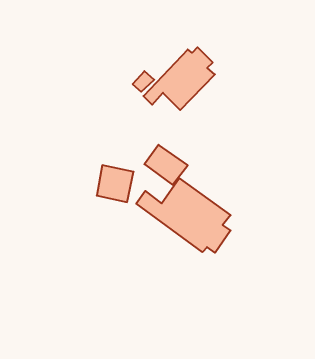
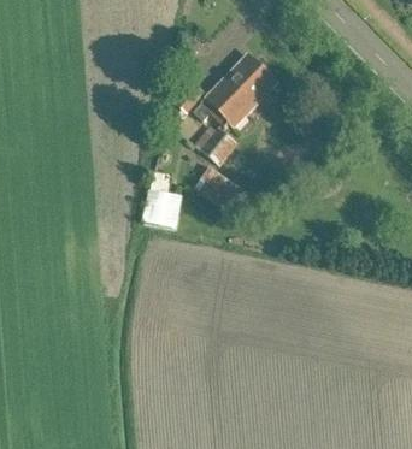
building: none -> [195,124,239,164]
building: [136,178,231,253] -> none

